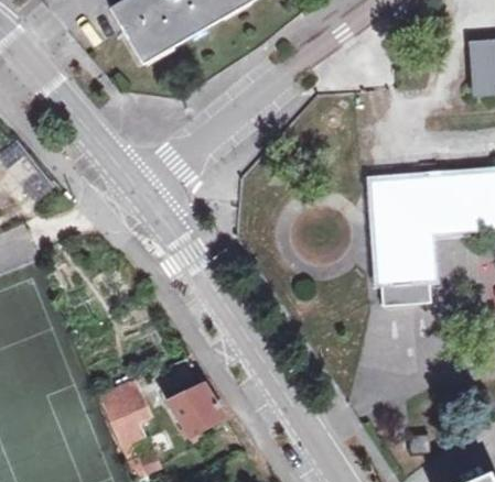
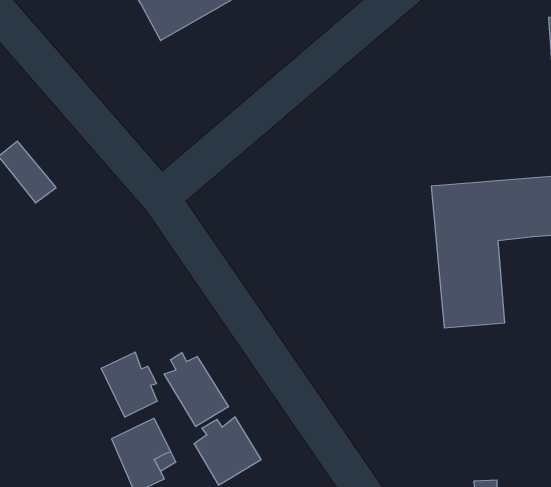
building: none -> [101,352,157,417]
building: none -> [164,352,228,427]

